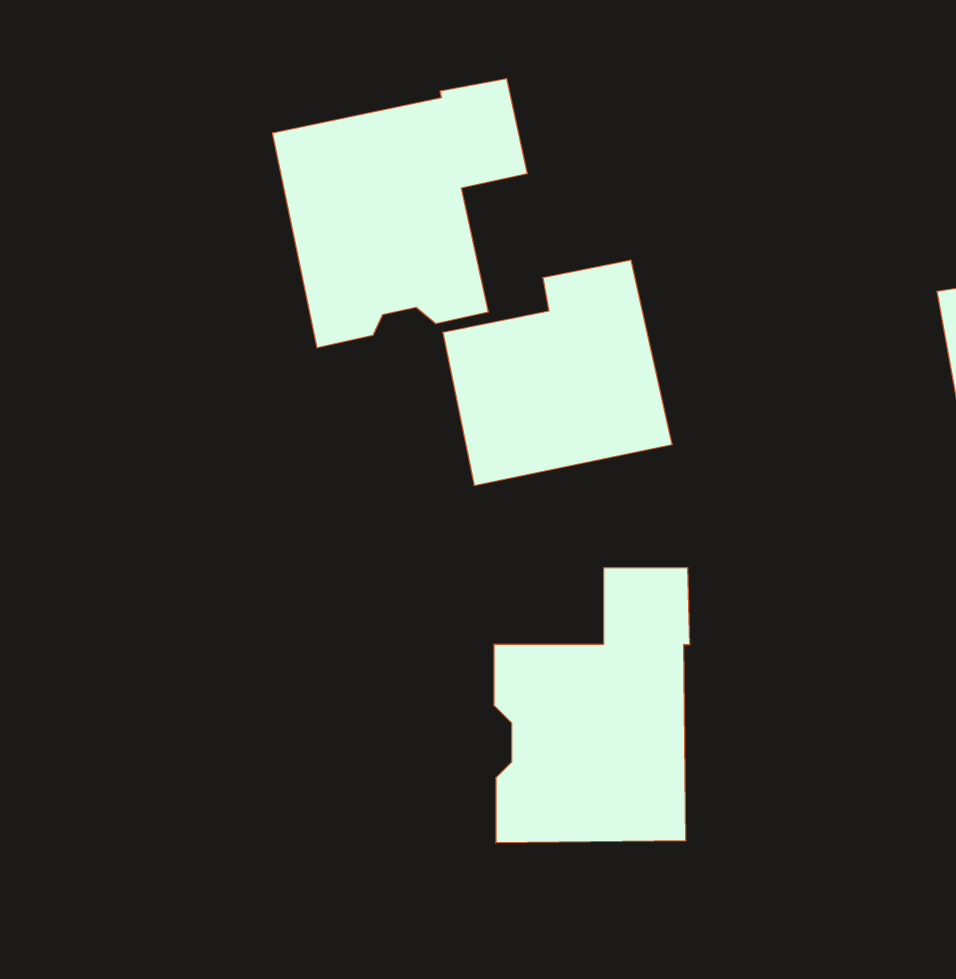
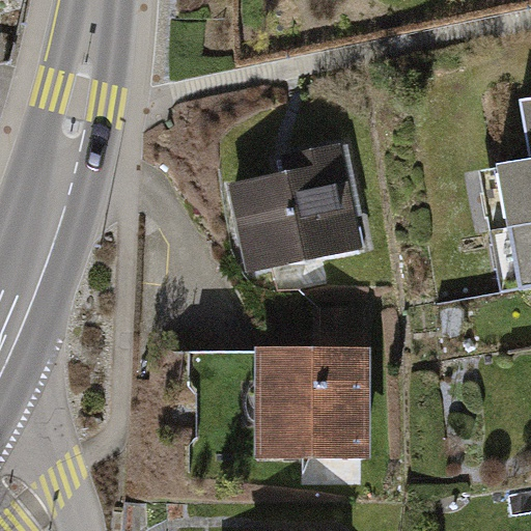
building: [273,78,527,348] -> none

